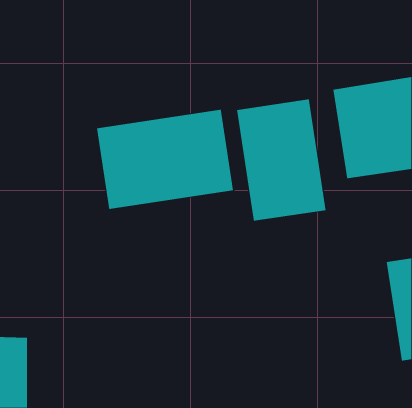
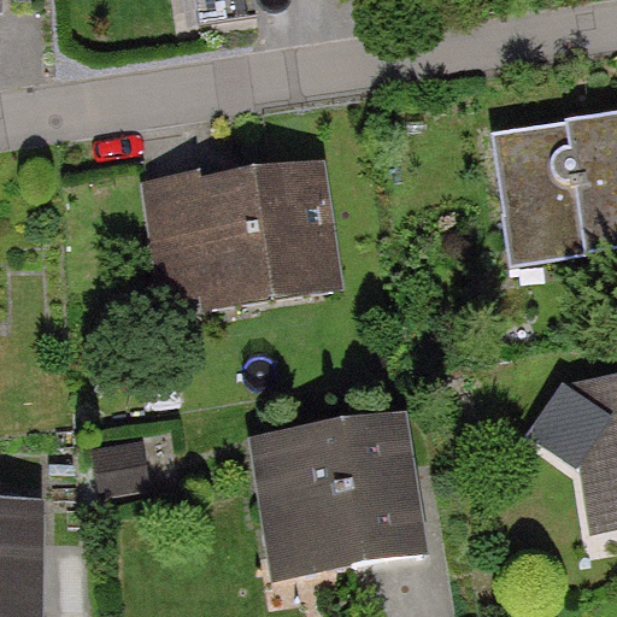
building: [237,99,326,222] -> none
building: none -> [252,416,430,578]

